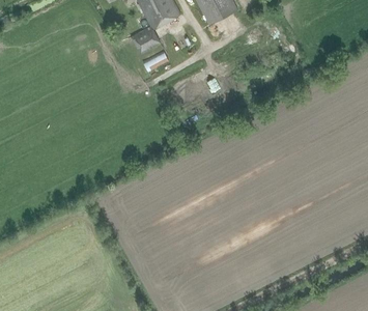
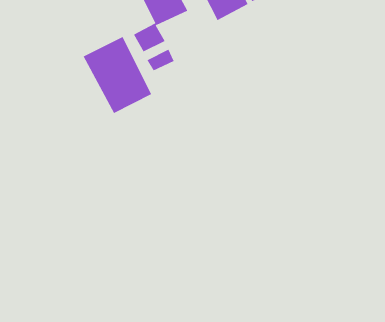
building: none -> [83,36,152,114]

